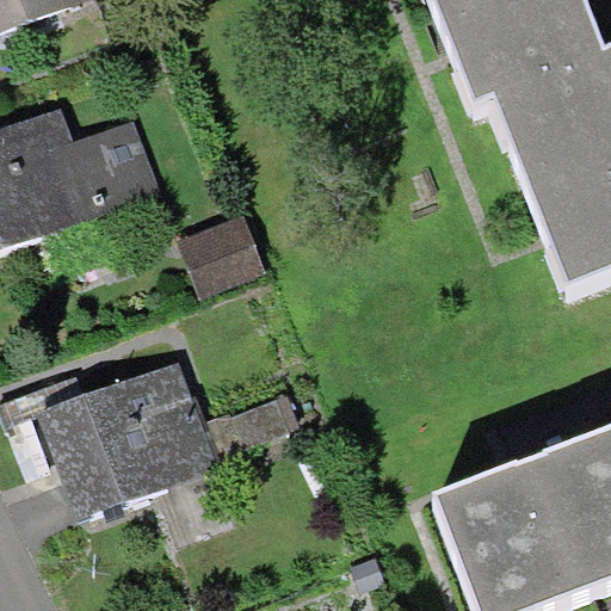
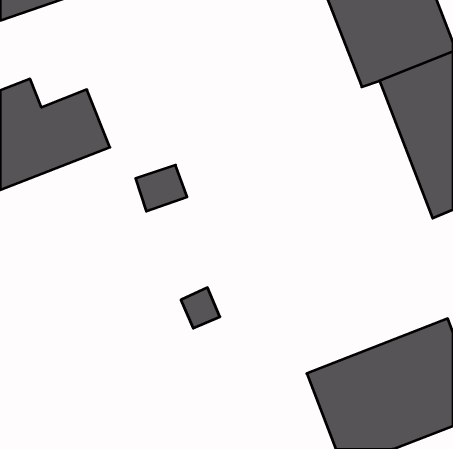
building: [45,359,228,520] -> none

